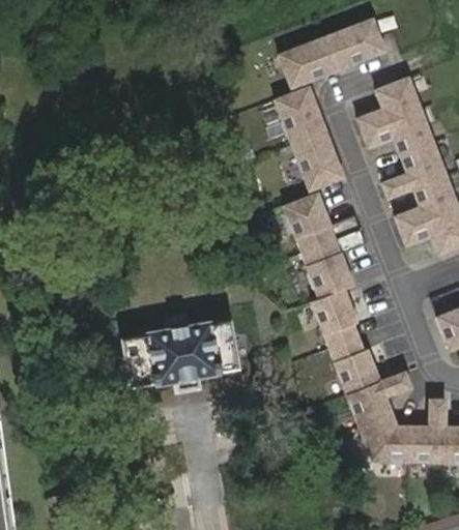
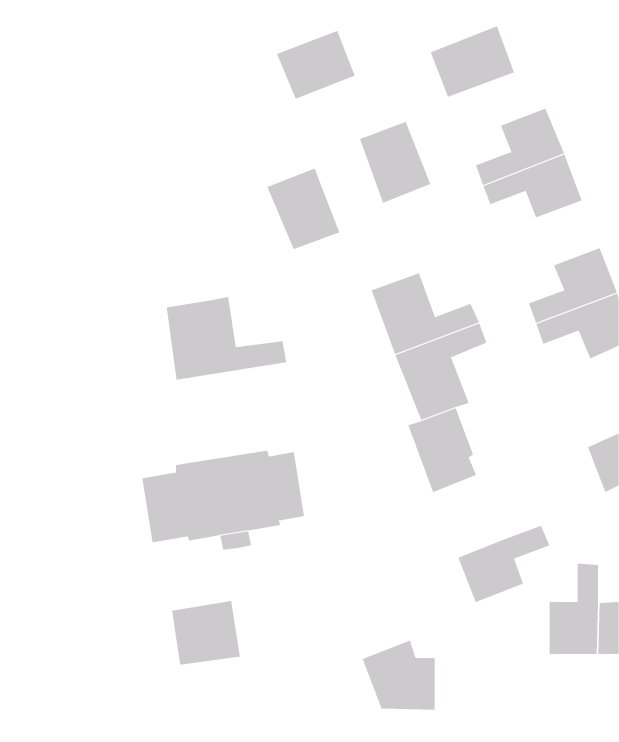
building: [281,37,337,86] -> [276,30,356,99]
building: [291,130,343,188] -> [267,168,340,250]
building: [381,142,444,197] -> none
building: none -> [166,296,287,380]
building: [326,335,378,393] -> none
building: [356,412,408,462] -> [362,640,435,710]
building: none -> [171,600,241,665]

